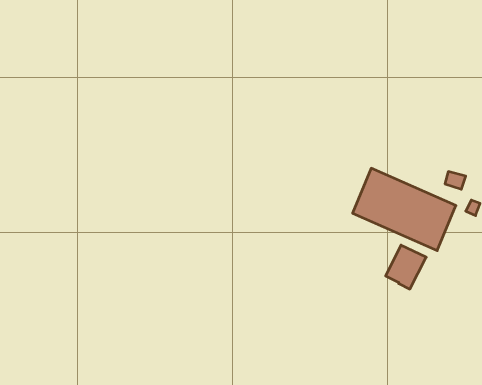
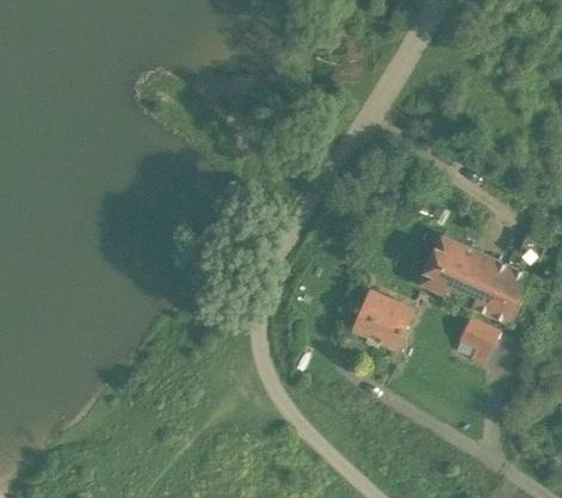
building: none -> [352,290,412,348]

